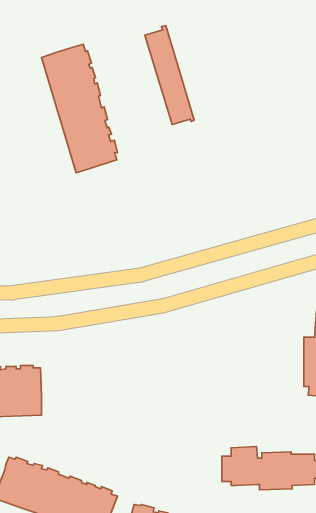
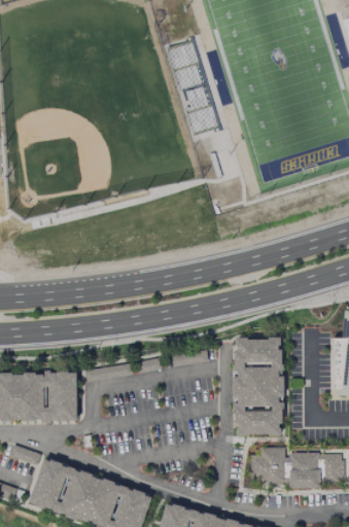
building: [41,44,118,173] -> none
building: none -> [232,339,283,436]

